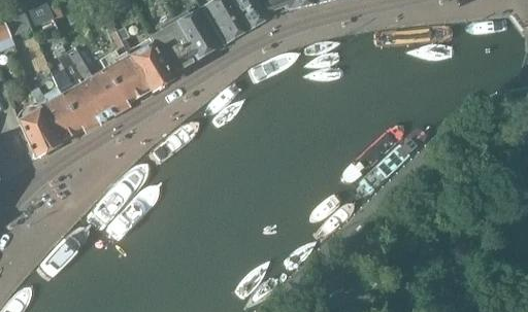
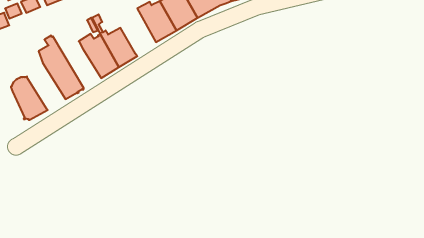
building: [151,19,195,73] -> none
building: [68,48,128,116] -> none
building: [31,85,84,142] -> none

